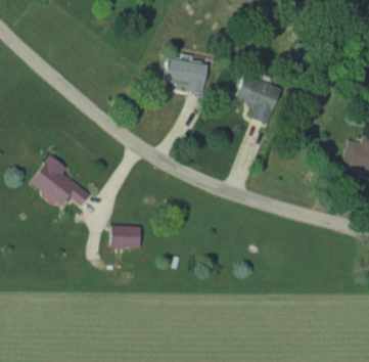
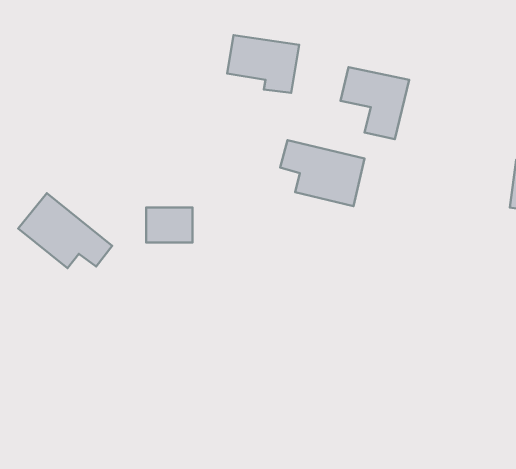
building: none -> [280,140,364,206]
building: [109,225,139,247] -> [146,208,193,243]

